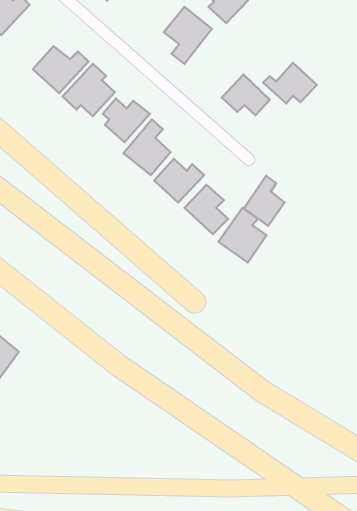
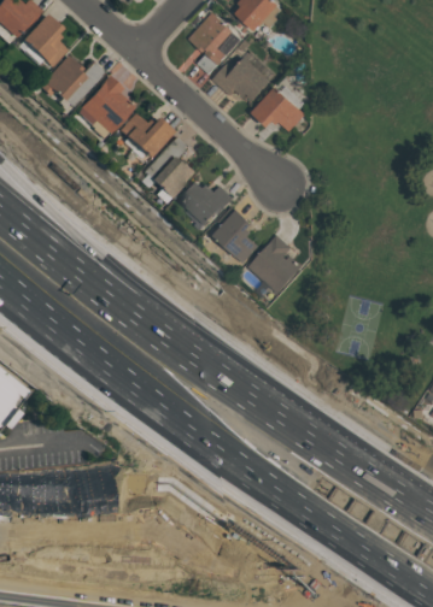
building: none -> [19,13,66,69]
building: [263,63,317,103] -> [212,57,271,101]
building: [244,176,285,226] -> none

